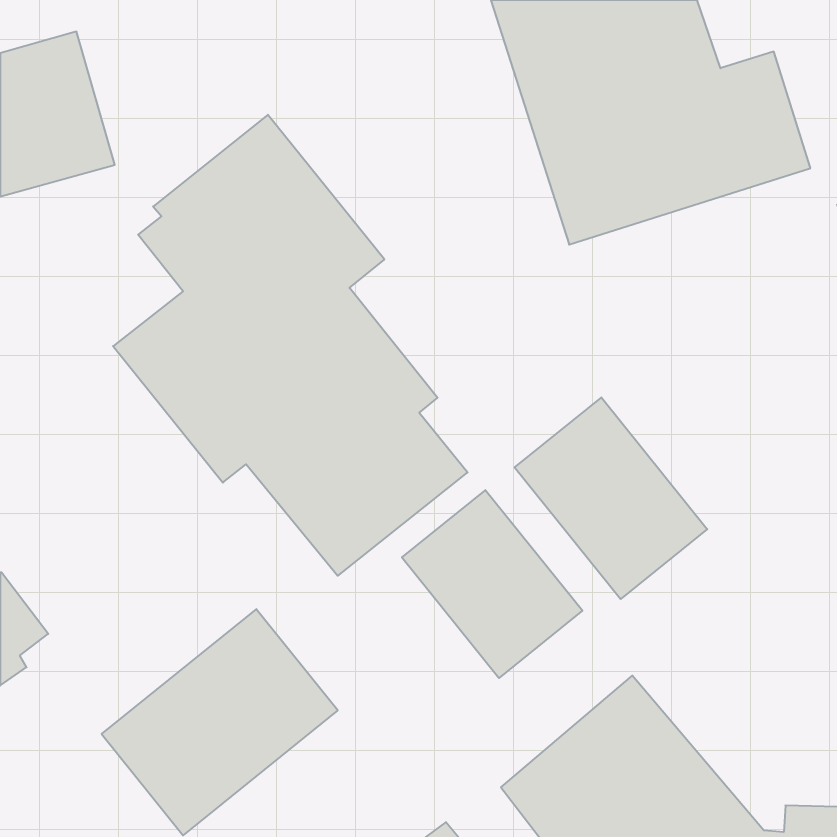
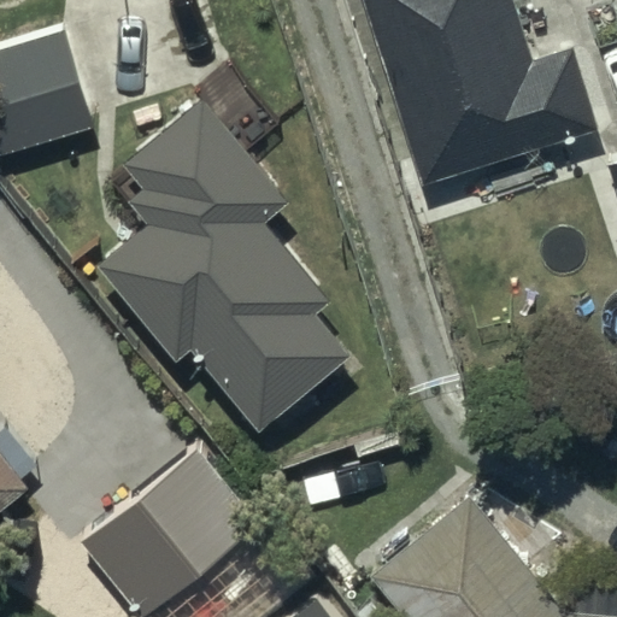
building: [515,397,707,599] -> none
building: [402,490,582,678] -> none

